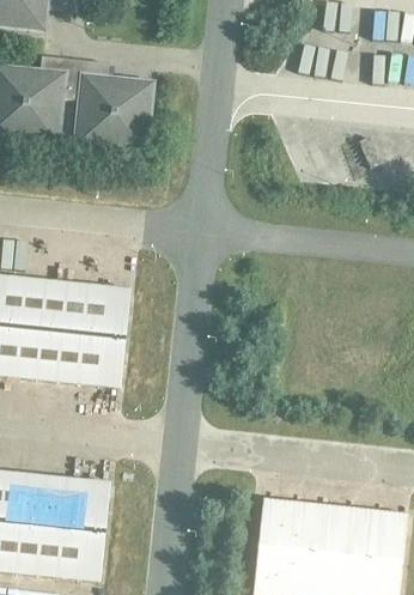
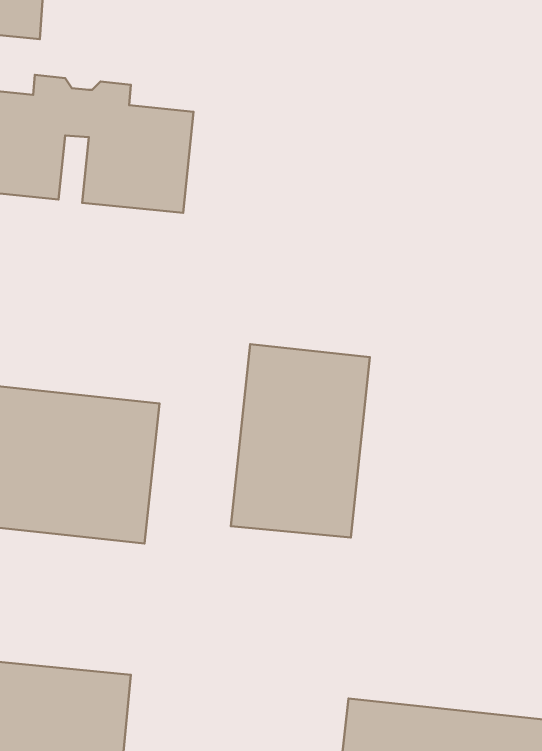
building: none -> [231,344,370,538]

